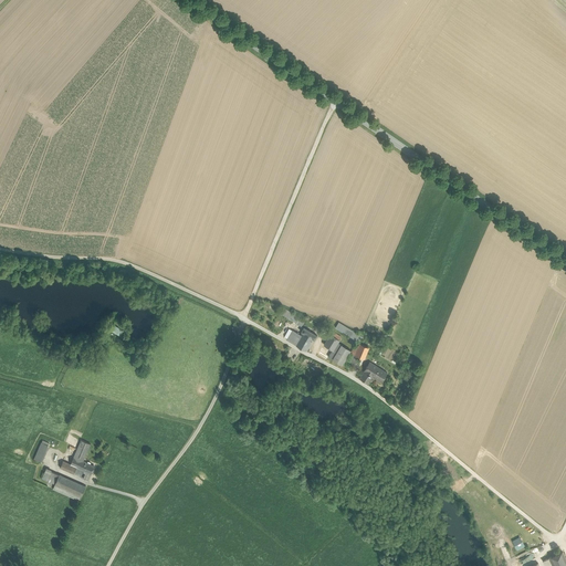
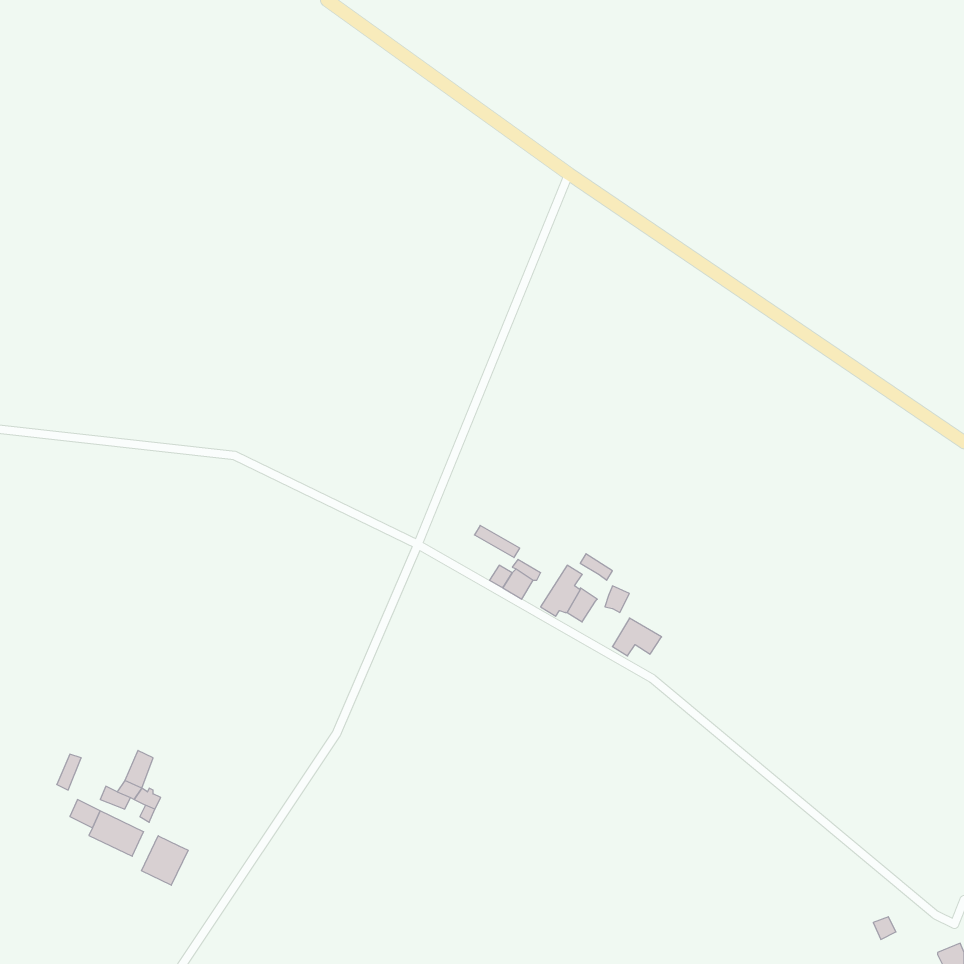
building: none -> [142,836,188,885]

